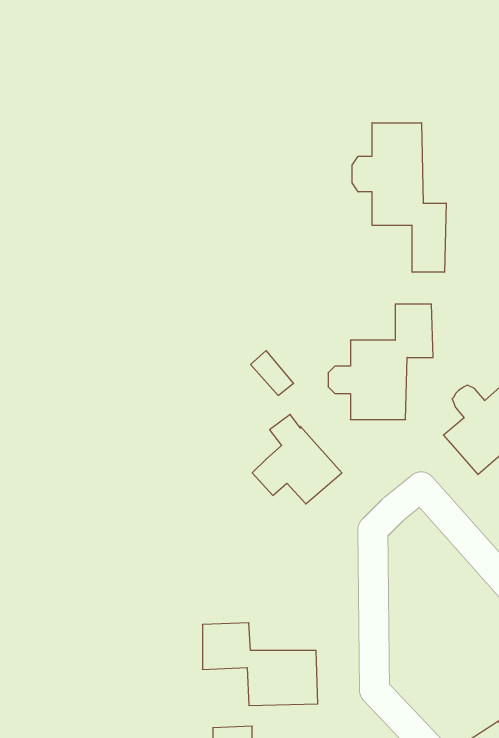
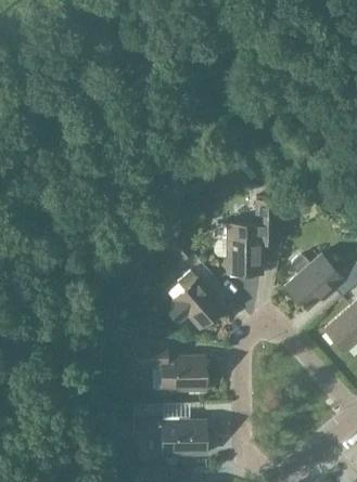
building: [352,123,446,272] -> none
building: none -> [137,342,206,390]

